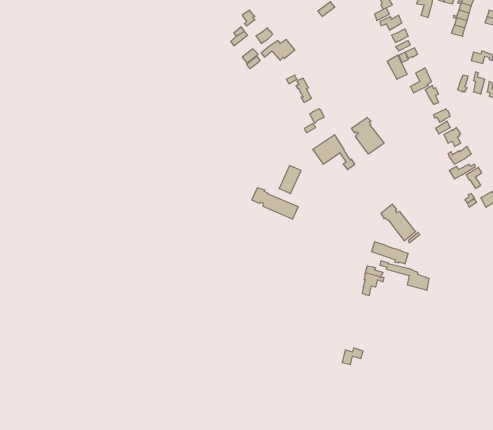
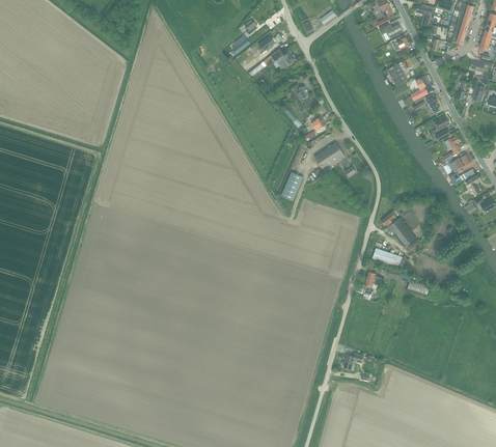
building: [351,117,384,154] -> none
building: [252,188,298,219] -> none

